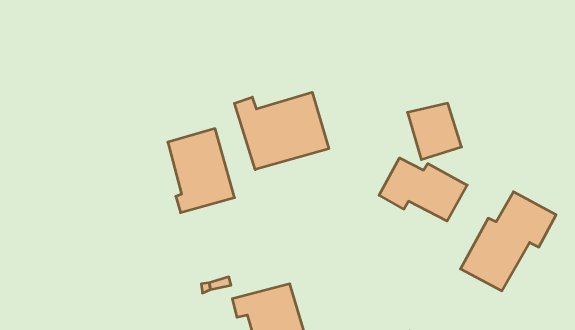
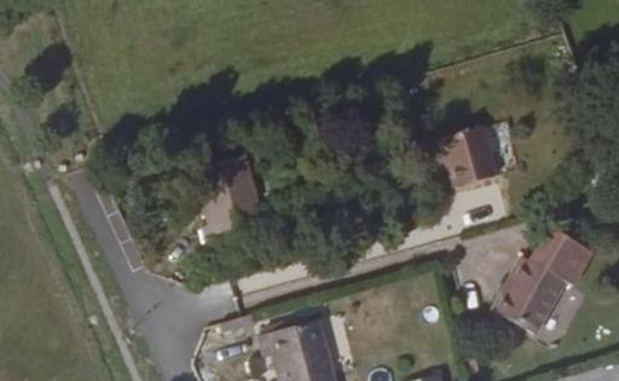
building: [234,92,329,170] -> none
building: [379,158,467,221] -> none

